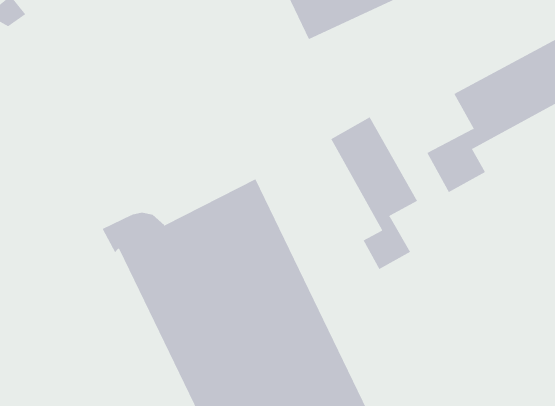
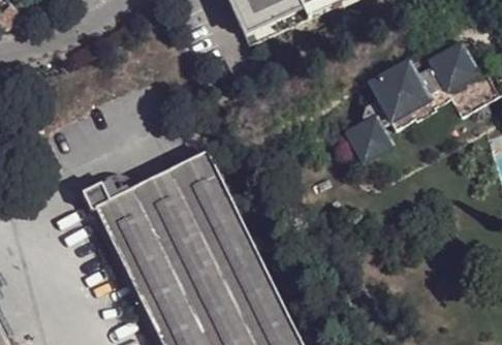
building: [330,117,418,270] -> none

